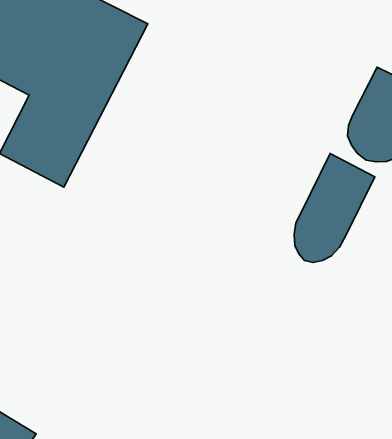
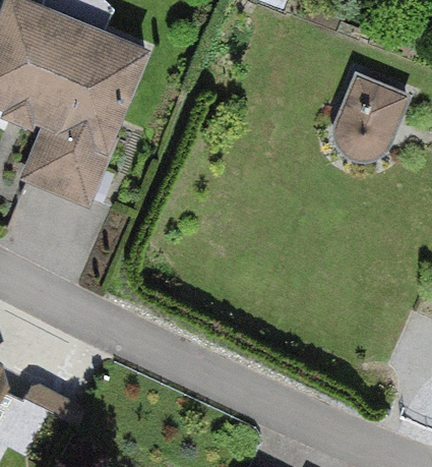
building: [294,154,375,262] -> none

